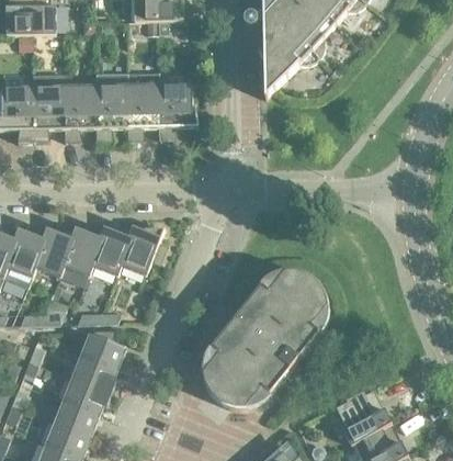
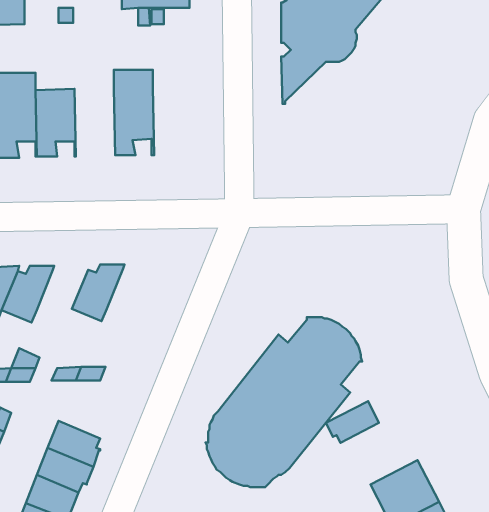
building: [157,85,196,140] -> none
building: [93,87,126,142] -> none
building: [120,228,166,276] -> none
building: [63,229,105,277] -> none
building: [80,330,123,371] -> none
building: none -> [326,401,379,443]

